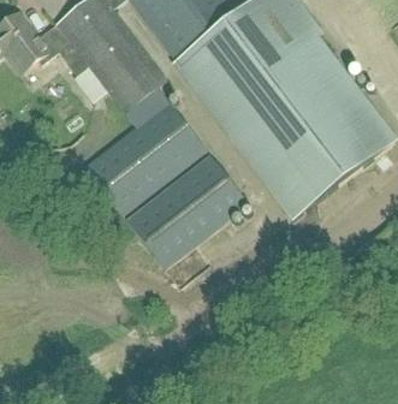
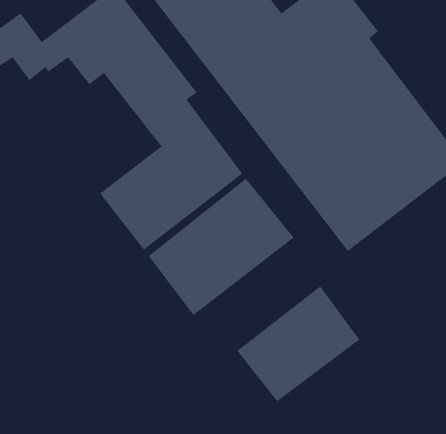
building: none -> [236,286,360,402]

